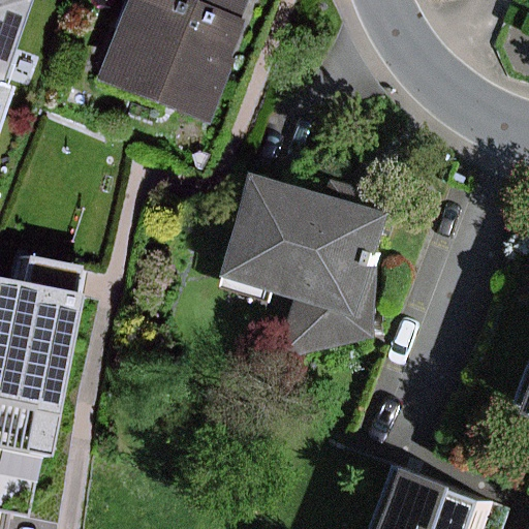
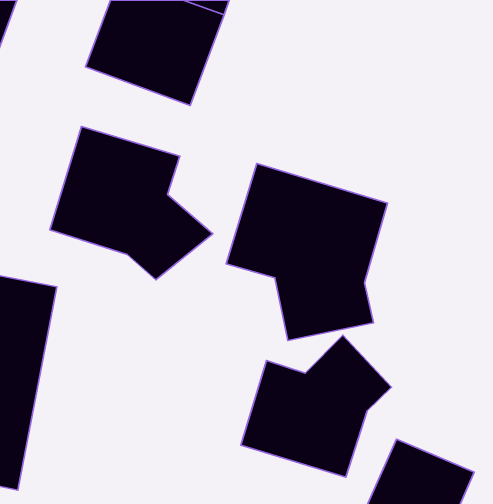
building: none -> [50,126,213,280]
building: none -> [241,335,392,477]

